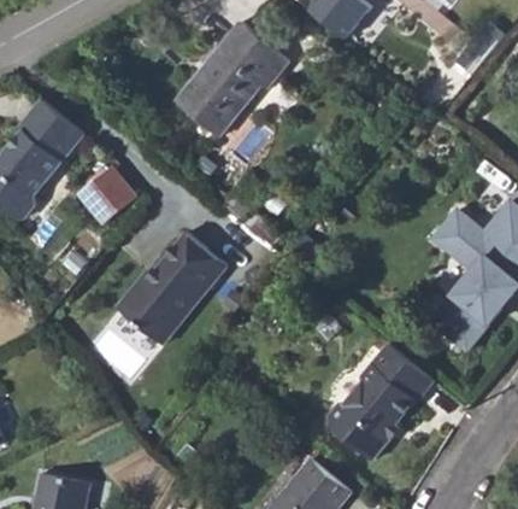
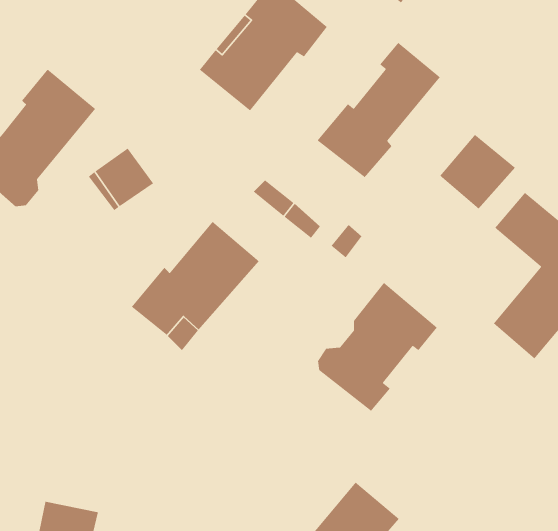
building: none -> [317,42,441,178]
building: none -> [439,134,516,210]
building: [331,343,436,456] -> [317,282,438,412]

